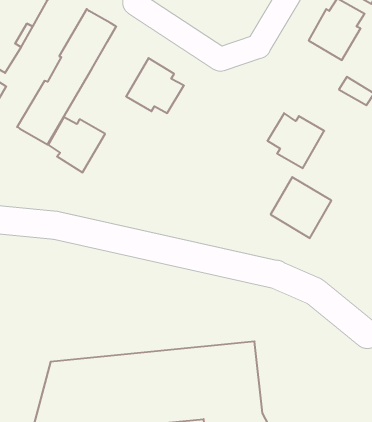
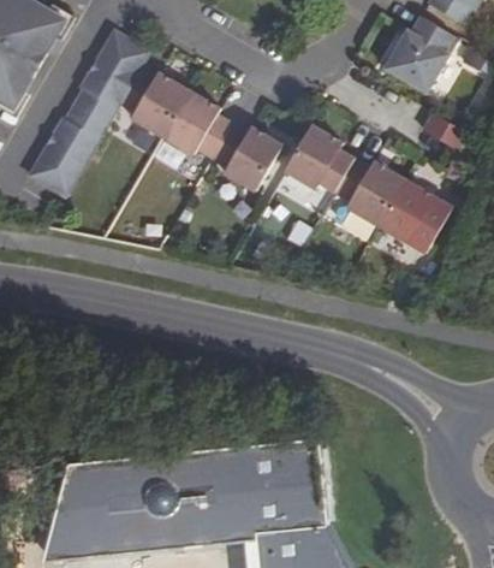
building: none -> [212,125,281,193]
building: none -> [284,126,355,193]
building: [48,117,105,172] -> [119,71,189,138]
building: [271,177,331,238] -> [377,181,452,255]

